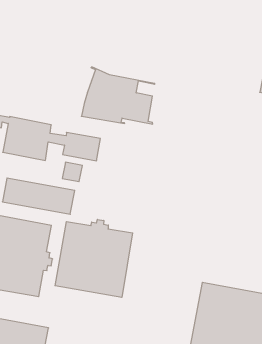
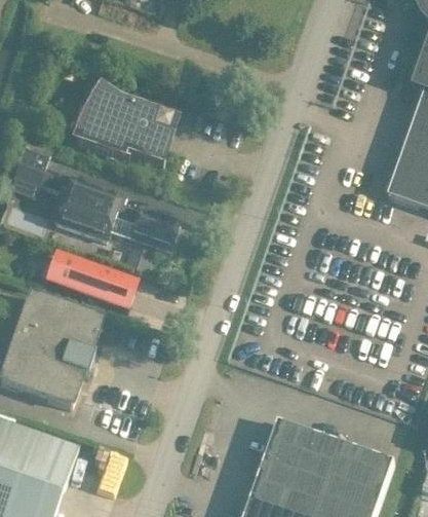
building: [81,67,155,124] -> [76,80,173,163]
building: [55,219,133,297] -> none

